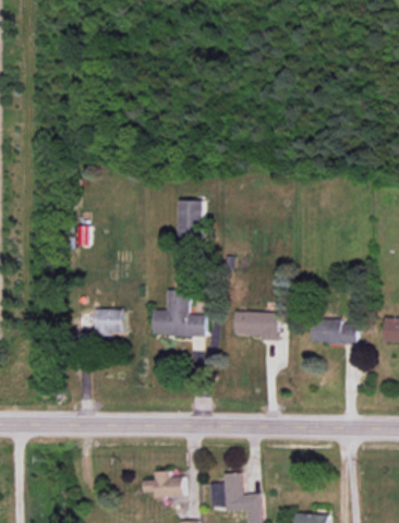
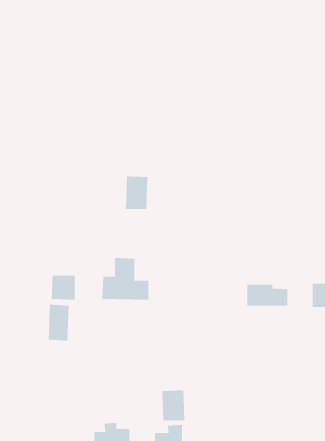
building: [233,312,278,341] -> none
building: none -> [48,304,69,341]
building: none -> [162,390,185,421]

